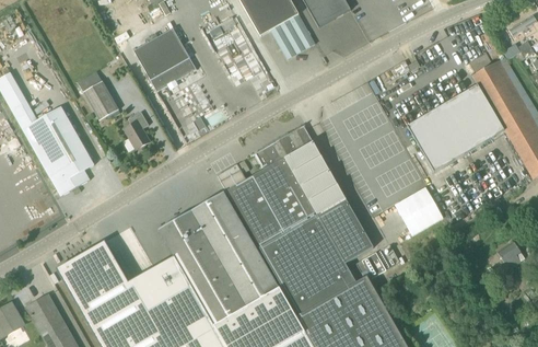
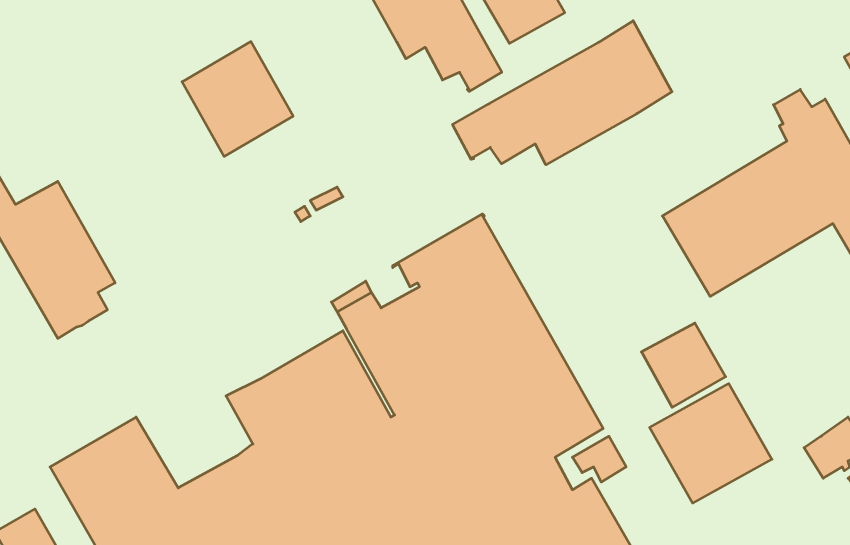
building: none -> [453,21,672,165]
building: [82,81,118,119] -> none
building: [124,111,151,150] -> none
building: none -> [650,384,772,503]

